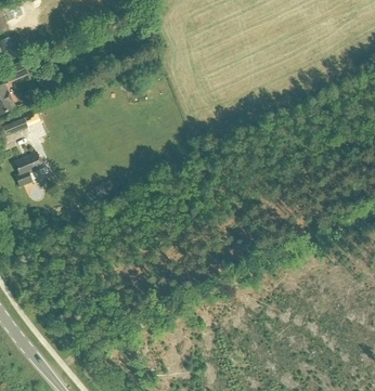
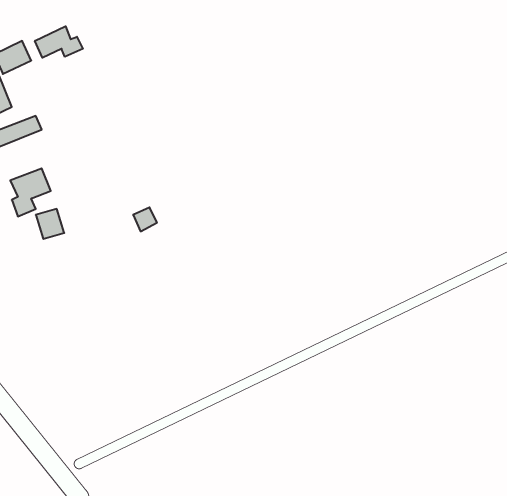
building: none -> [35,26,83,58]

